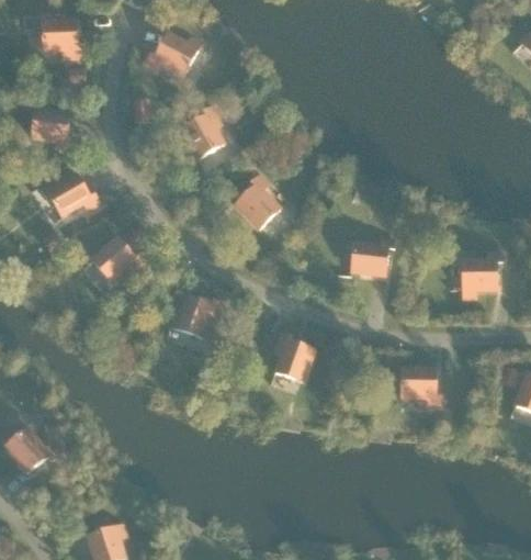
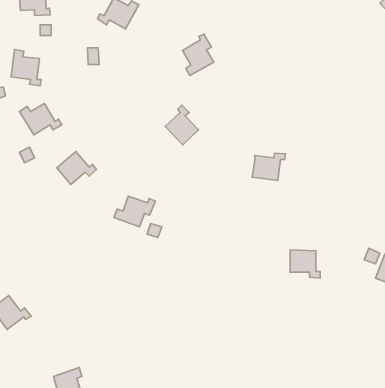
building: [182,107,224,161] -> [182,34,214,75]
building: [462,254,501,298] -> none
building: [275,333,314,382] -> none

